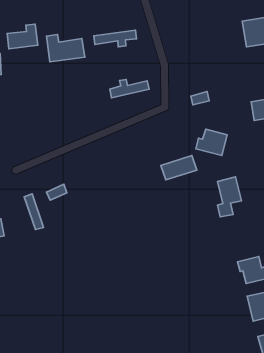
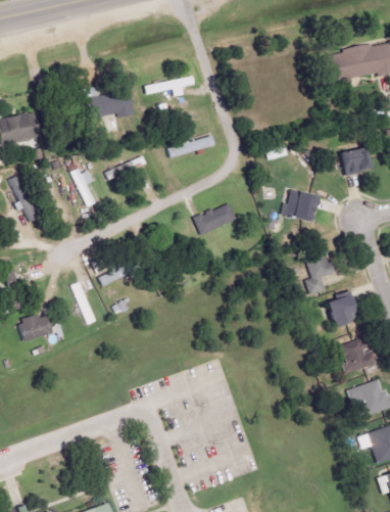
building: [7,24,38,49] -> none
building: none -> [74,168,96,206]
building: [161,156,197,180] -> [194,202,238,234]
building: none -> [326,291,359,326]

